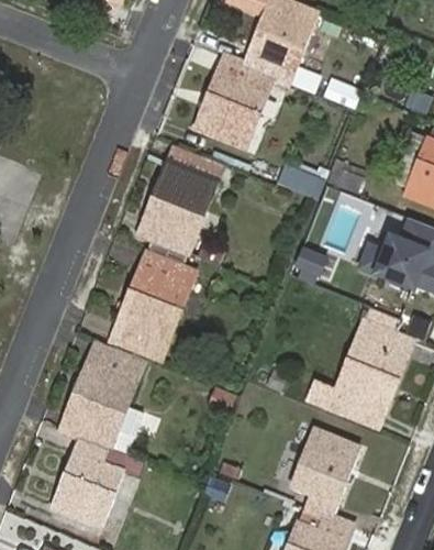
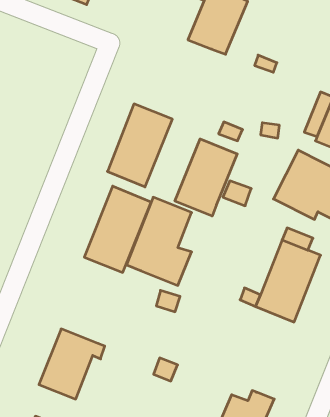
building: [197,56,274,147] -> none
building: none -> [175,139,237,216]
building: [62,341,145,454] -> [126,197,192,285]
building: [291,428,359,517] -> none

